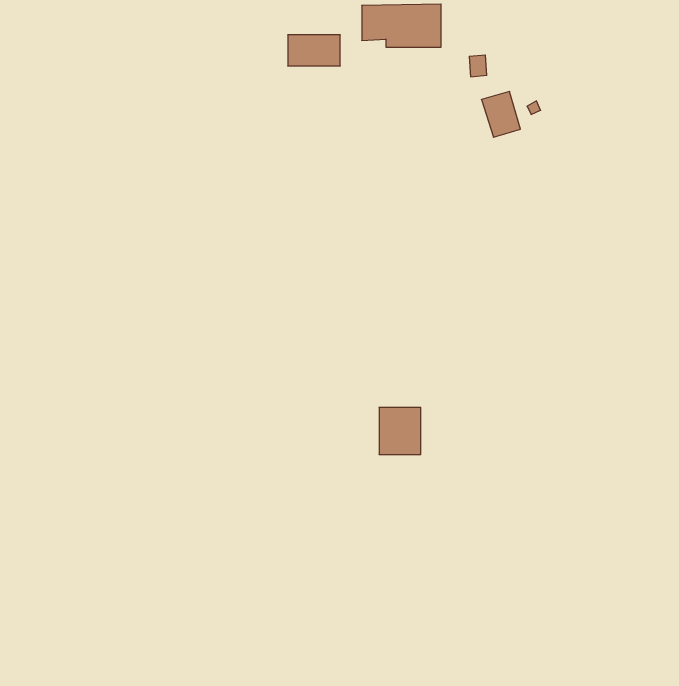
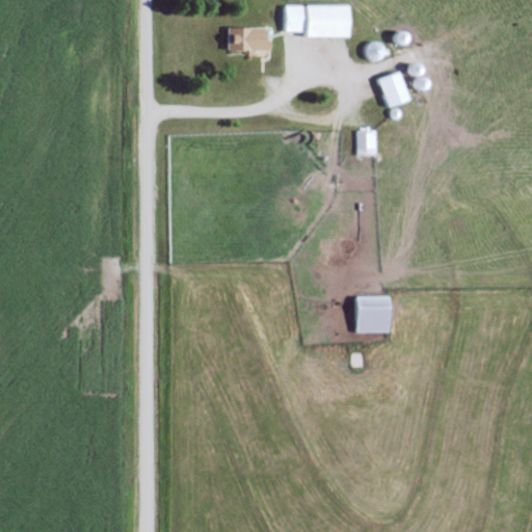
building: none -> [358,130,375,154]
building: [379,407,421,454] -> [355,296,388,332]

